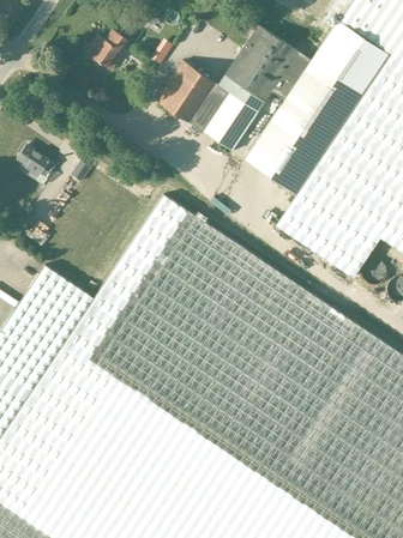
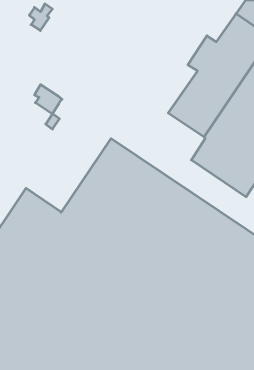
building: [156,24,297,150] -> none
building: [90,29,122,66] -> [29,4,52,31]
building: [17,144,55,185] -> [35,85,62,114]

